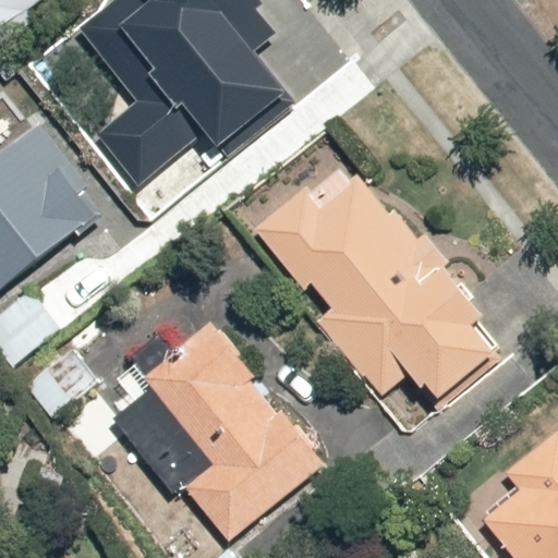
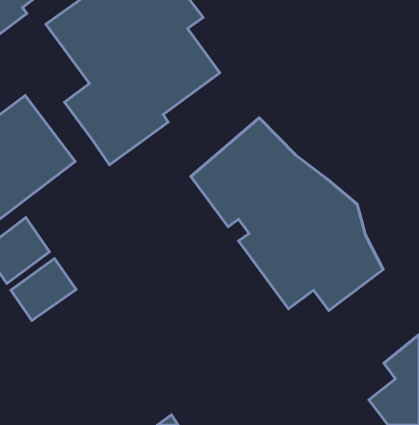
building: [138,315,330,542] -> none

